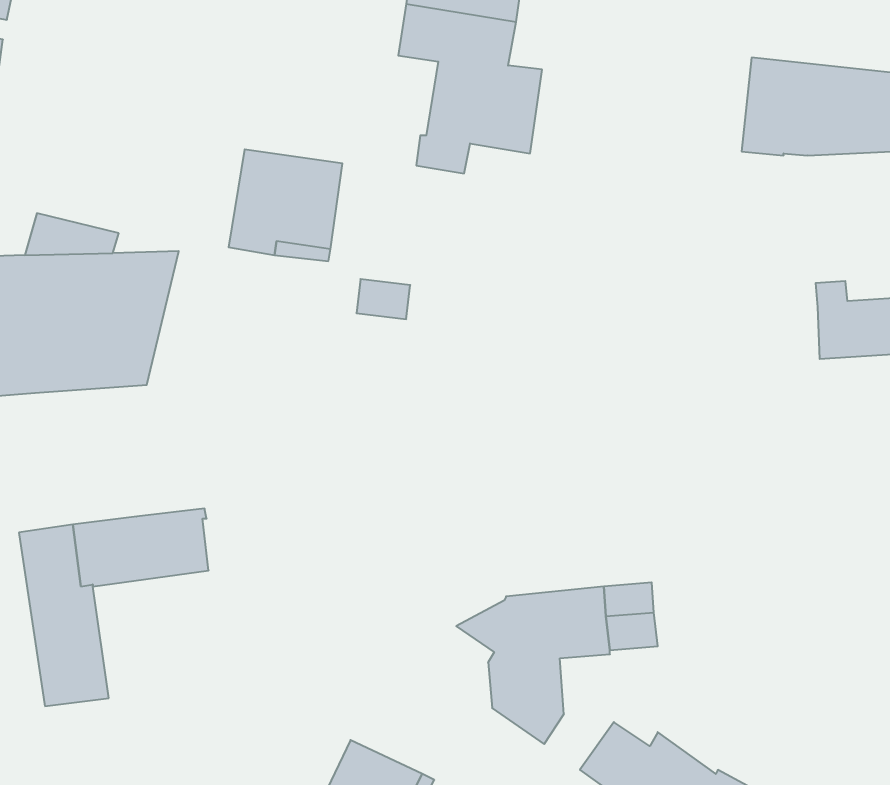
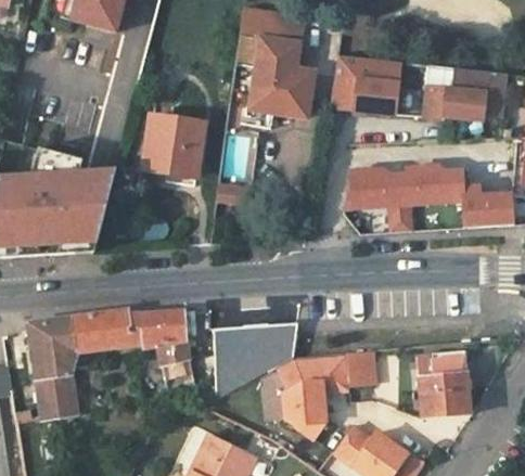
building: none -> [330,55,400,115]
building: none -> [349,168,462,233]
building: none -> [128,311,195,400]
building: none -> [213,323,297,398]
building: none -> [410,352,470,419]

